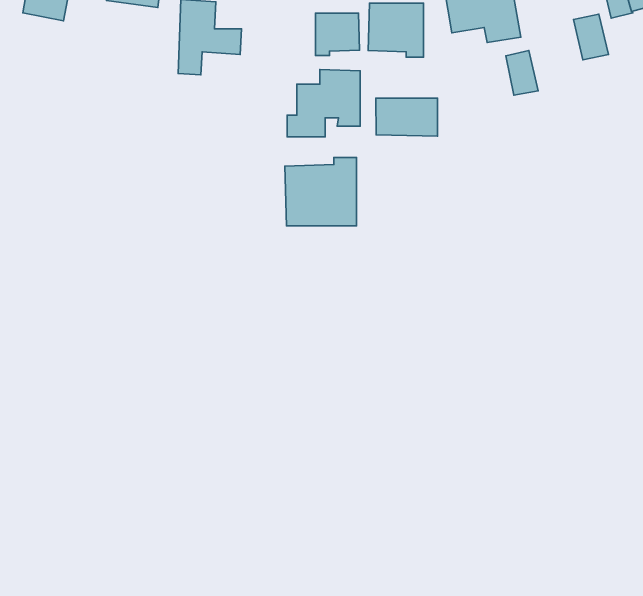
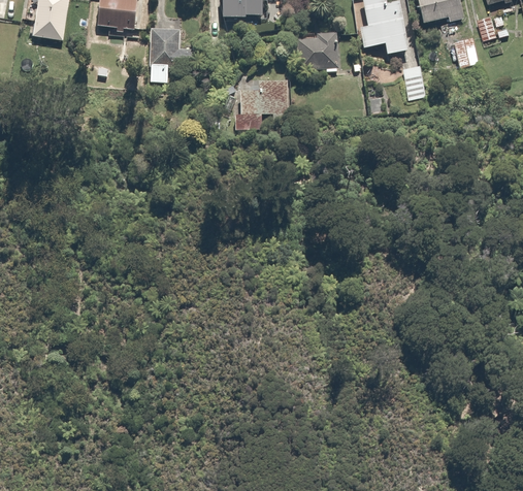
building: [315,13,360,55] -> none
building: [376,98,438,136] -> none
building: [285,158,357,226] -> none

